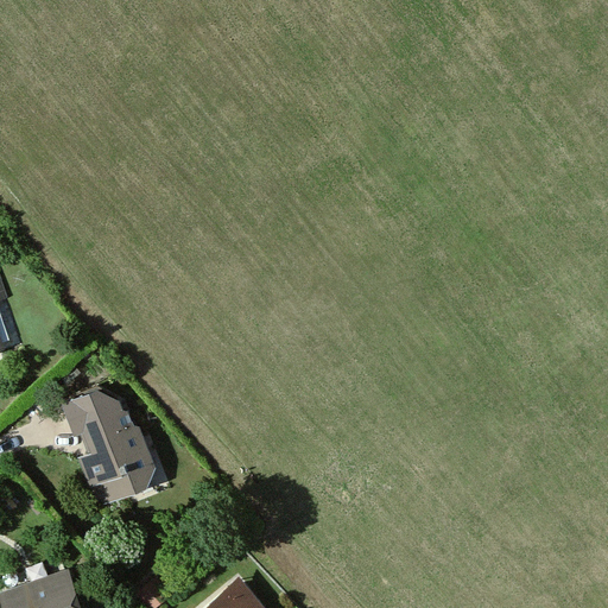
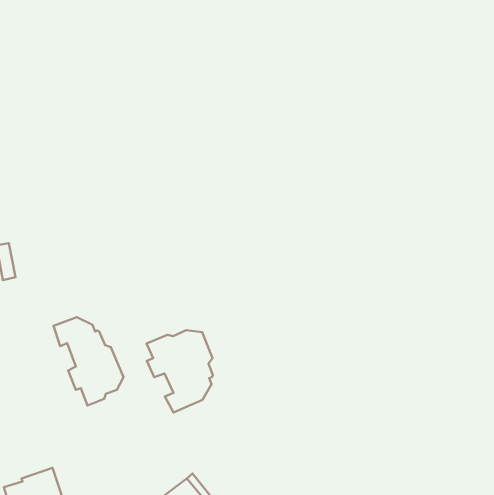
building: none -> [147,330,213,413]

